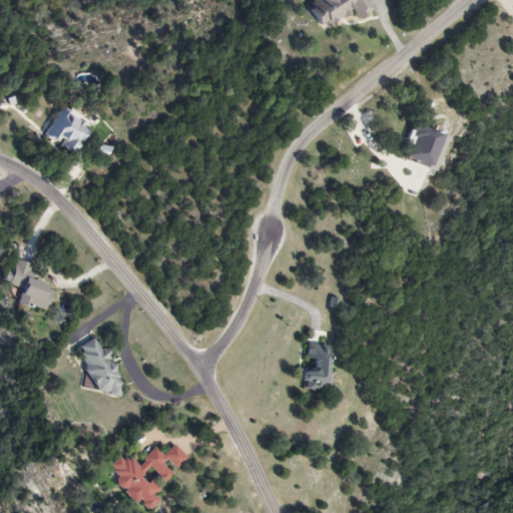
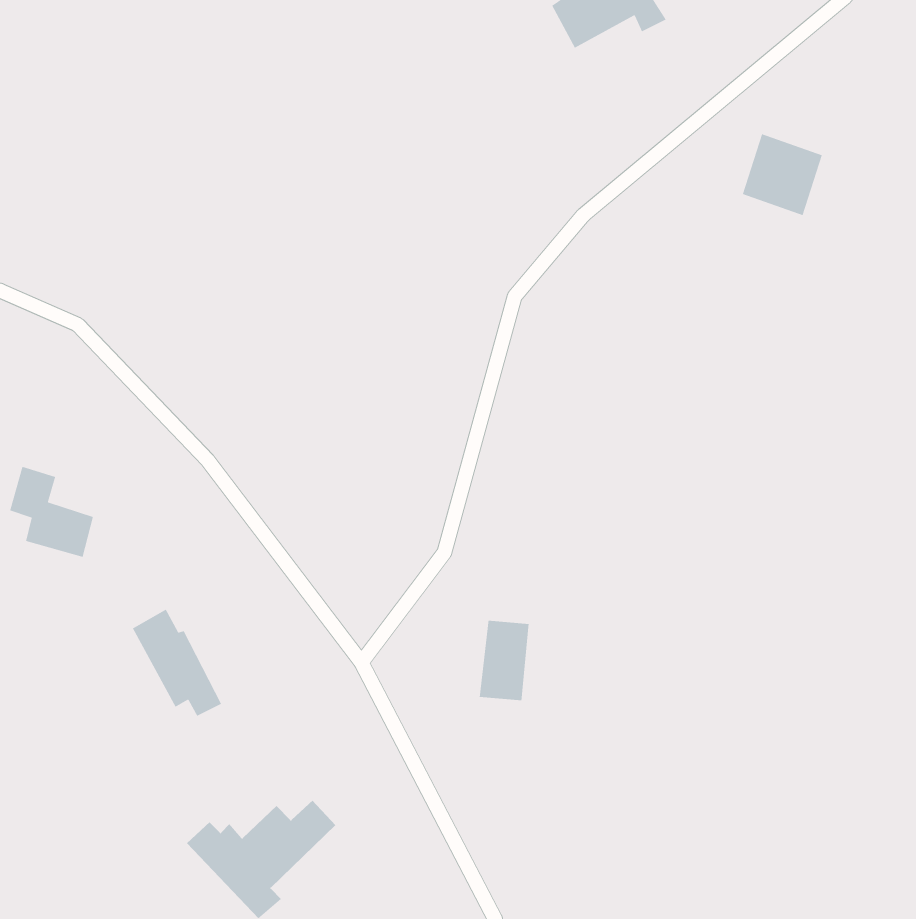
building: [45,108,92,153] -> none
building: [402,122,447,168] -> [742,133,823,216]
building: [305,343,333,388] -> [479,620,530,701]

